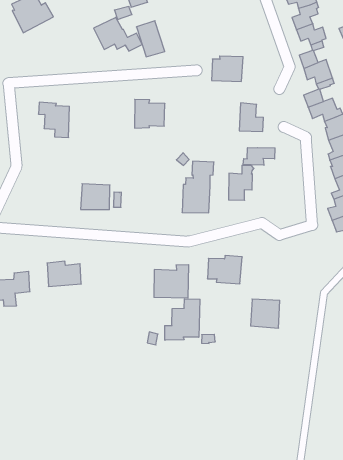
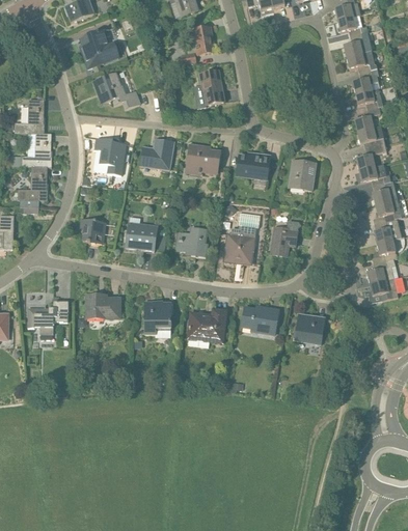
building: [94,17,142,51] -> [93,73,139,107]
building: [212,56,243,81] -> [237,152,270,179]
building: none -> [140,139,173,169]
building: [243,148,275,165] -> none
building: none -> [175,226,208,256]
building: none -> [81,218,106,243]
building: none -> [145,301,170,334]
building: [165,299,200,340] -> none
building: [251,299,280,328] -> [294,313,325,344]

